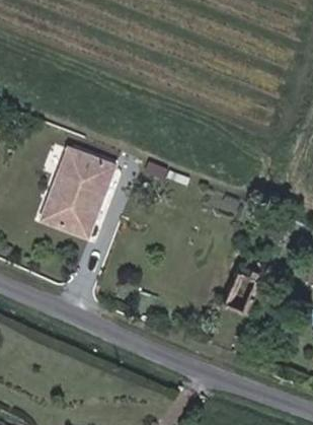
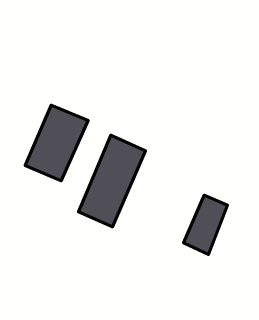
building: none -> [79,135,145,227]

